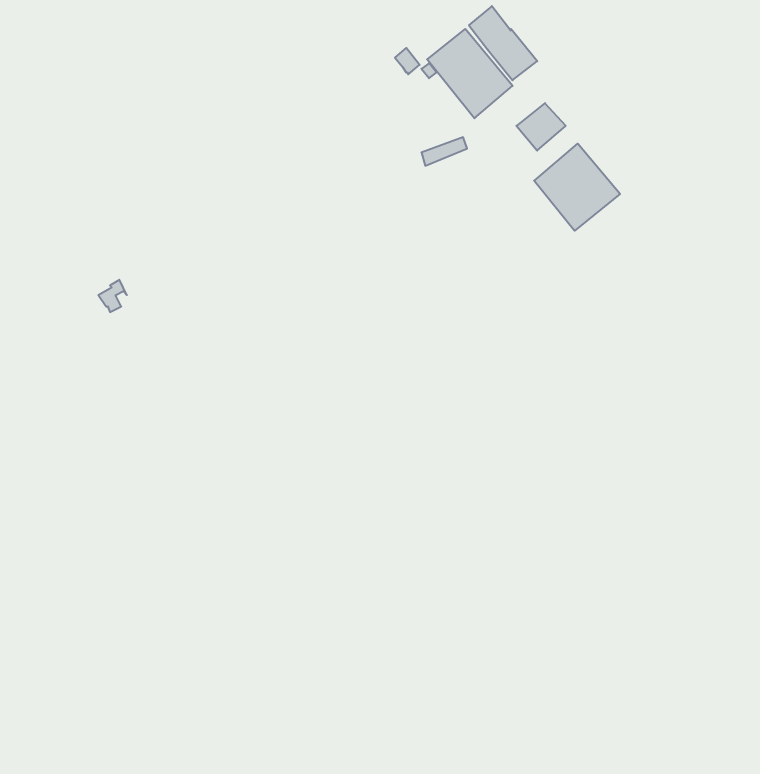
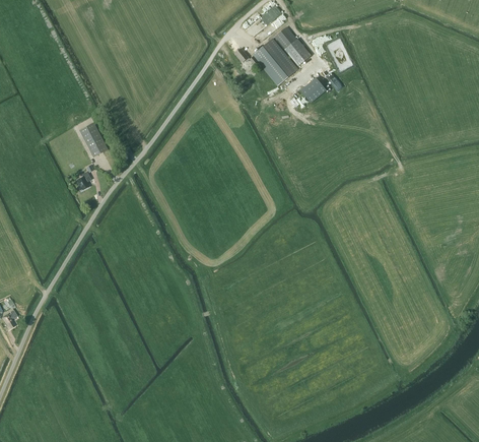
building: [534,144,620,231] -> none
building: none -> [79,122,109,156]

